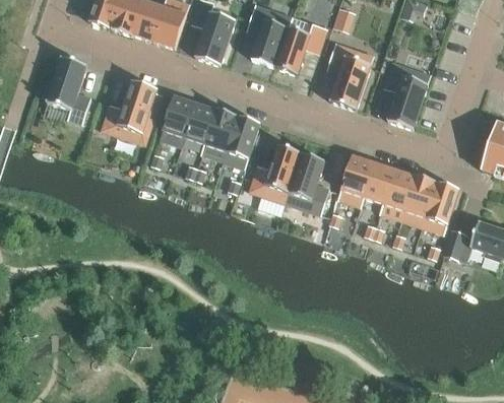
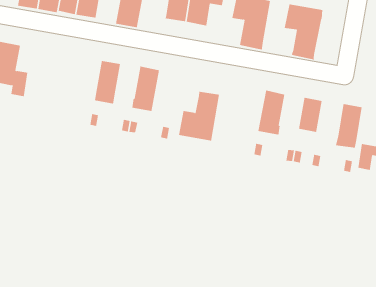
building: [101,79,156,141] -> none
building: [184,102,215,142] -> none
building: [223,115,259,167] -> none
building: [285,151,329,214] -> none
building: [363,161,394,202] -> none
building: [399,174,437,226] -> none

